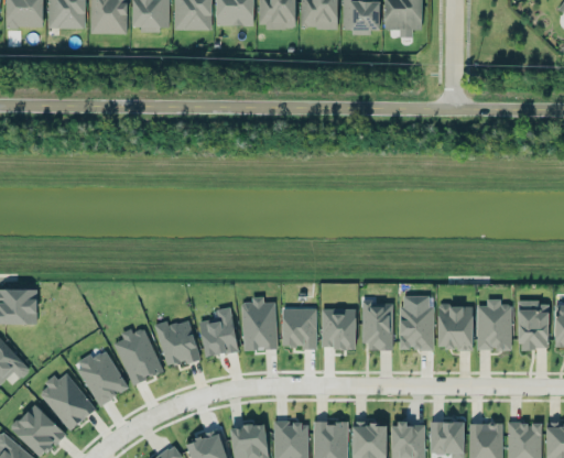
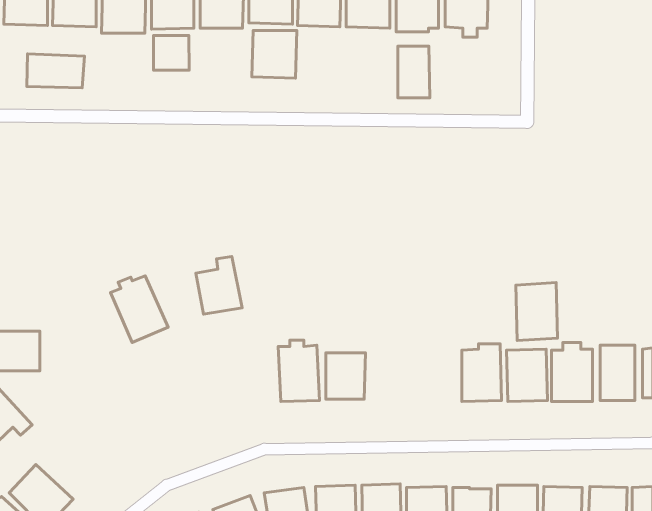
building: none -> [252,30,297,78]
building: none -> [153,35,189,70]
building: none -> [398,46,430,98]
building: none -> [27,54,85,88]
building: none -> [516,283,558,341]
building: [362,302,392,350] -> none
building: [198,307,238,357] -> [196,256,242,314]
building: [322,308,355,349] -> none
building: [154,319,199,368] -> none
building: [113,328,163,385] -> [110,276,168,342]
building: [74,350,128,405] -> none
building: [37,372,95,430] -> none

